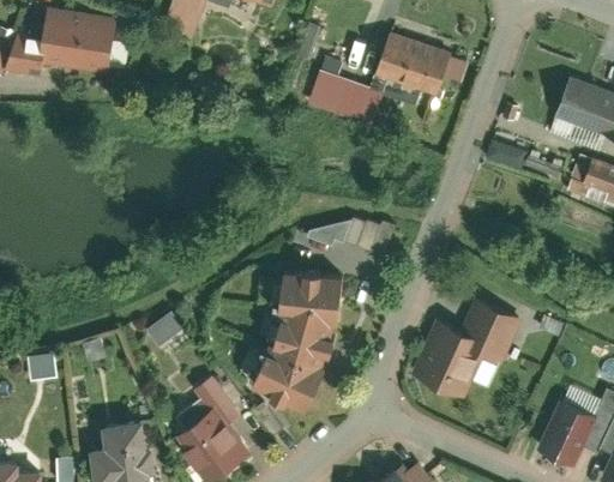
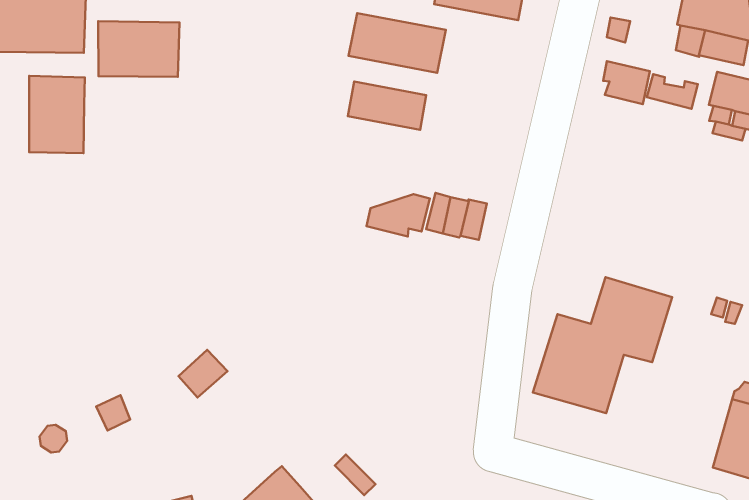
building: none -> [98,21,179,77]
building: none -> [29,76,85,153]
building: none -> [348,81,426,130]
building: [251,267,343,409] -> none
building: [194,375,240,424] -> none

